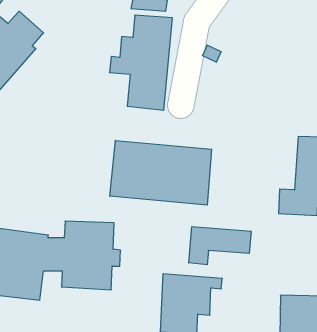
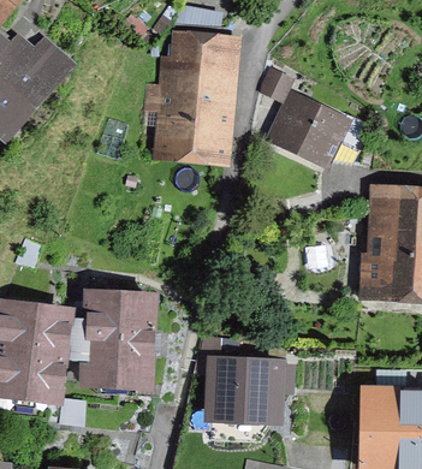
building: none -> [277,95,370,160]
building: [110,140,212,205] -> none
building: [189,227,251,265] -> none

